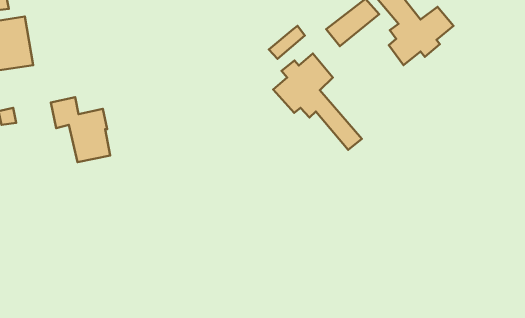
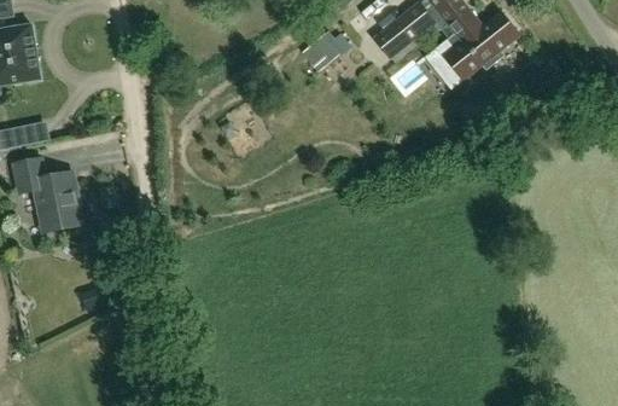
building: [273,54,362,150] -> none
building: [51,97,110,162] -> [12,157,80,231]

